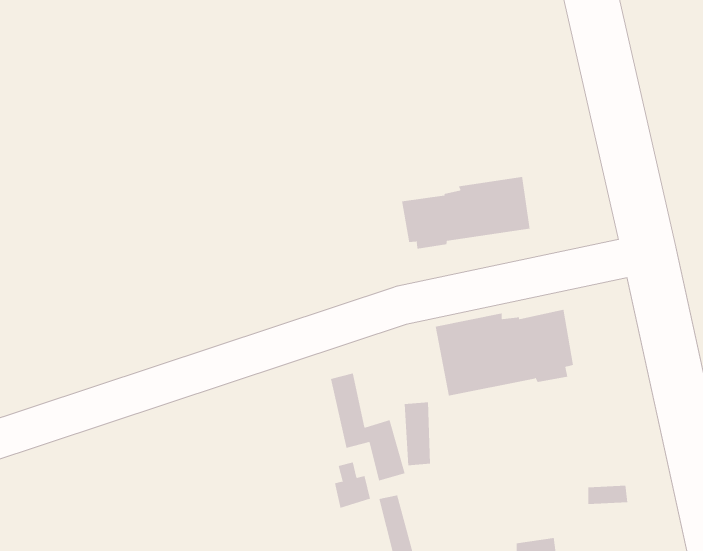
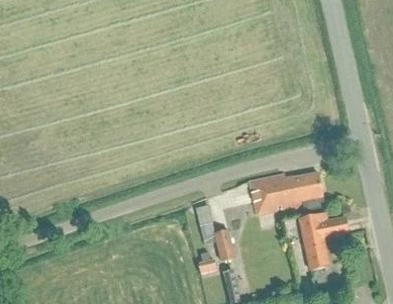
building: [402,176,530,249] -> none
building: none -> [298,211,348,268]

